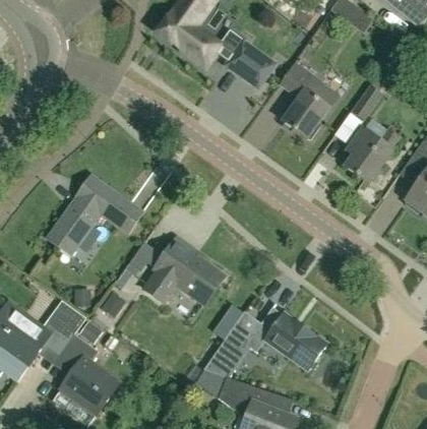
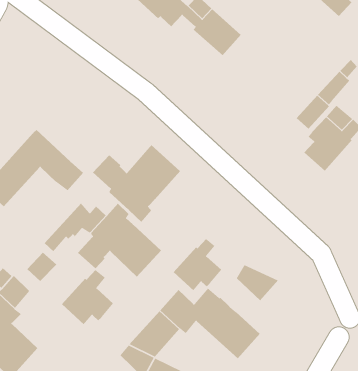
building: [281,63,339,140] -> none
building: none -> [92,144,181,223]
building: none -> [173,238,222,291]
building: none -> [236,264,279,301]
building: none -> [61,269,114,325]

